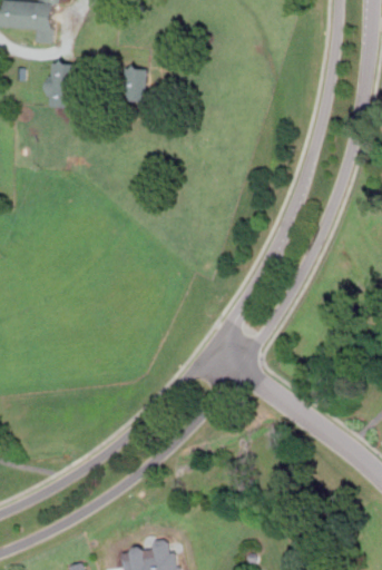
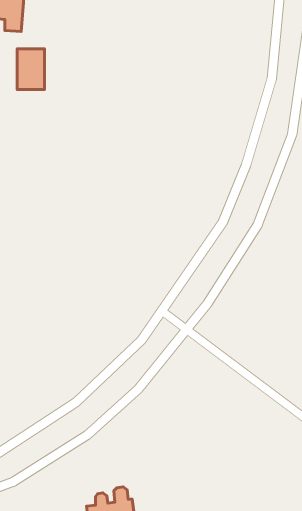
building: [123,67,145,102] -> none

